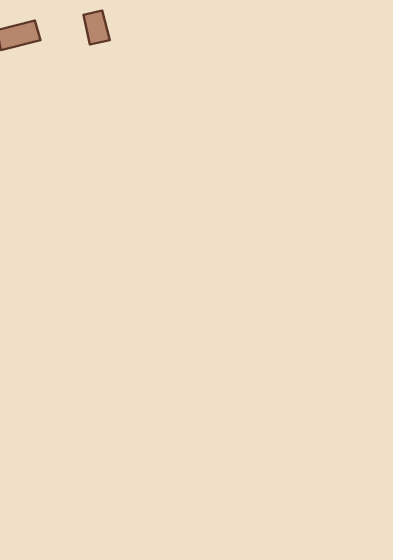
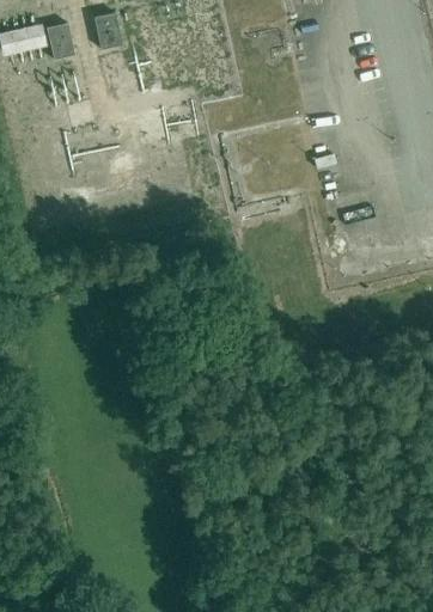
building: none -> [44,23,73,59]

